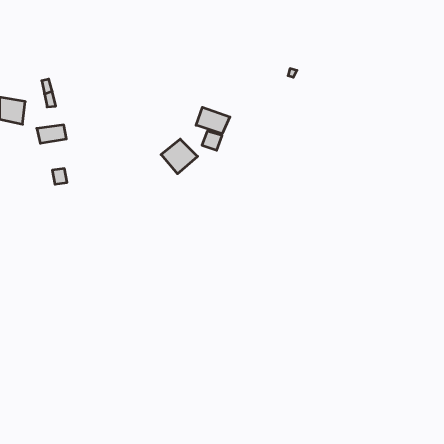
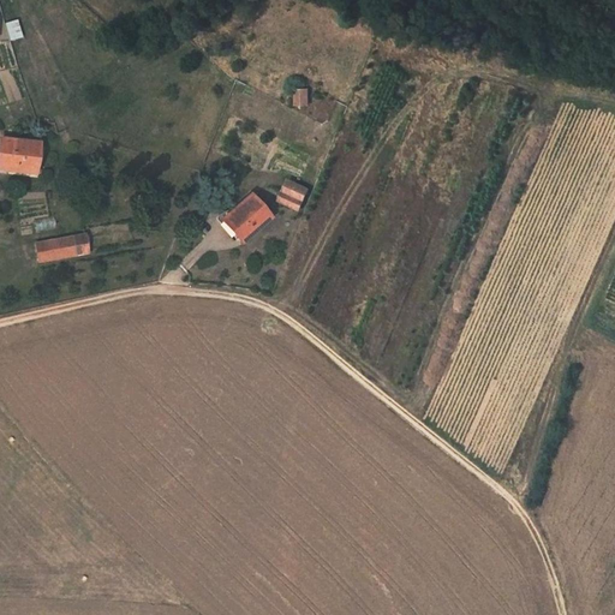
building: [196,107,230,134] -> none
building: [37,125,66,143] -> [35,235,76,261]

